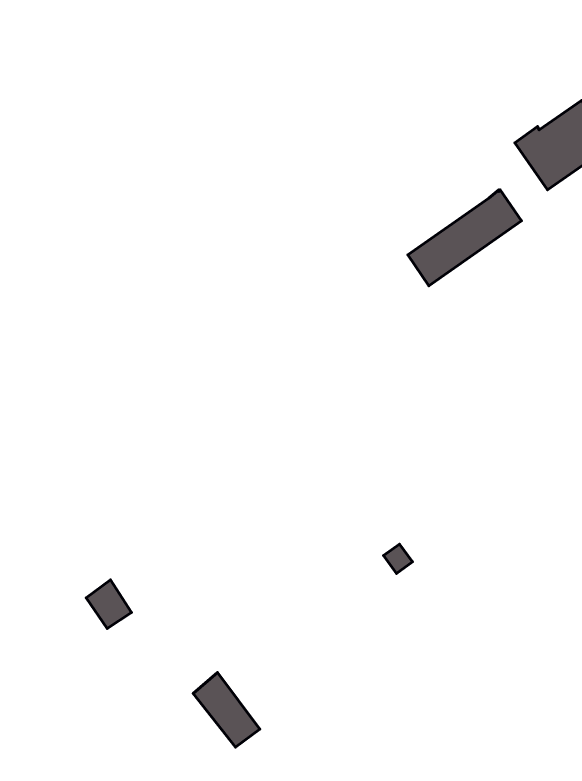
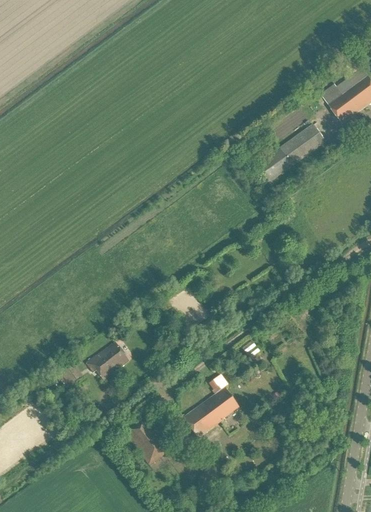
building: none -> [85,343,129,379]
building: none -> [185,379,238,435]

